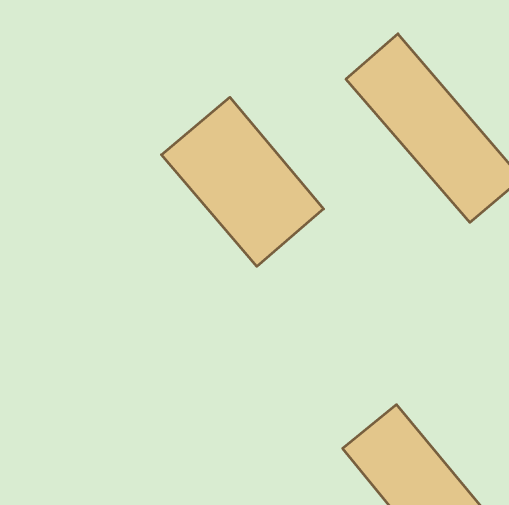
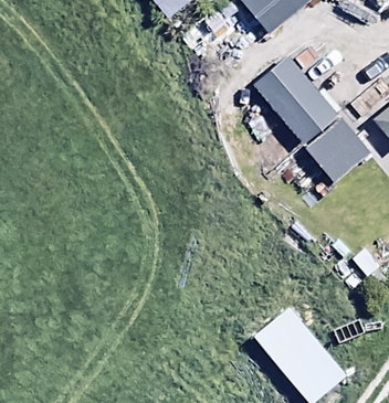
building: [161,97,324,266] -> none

